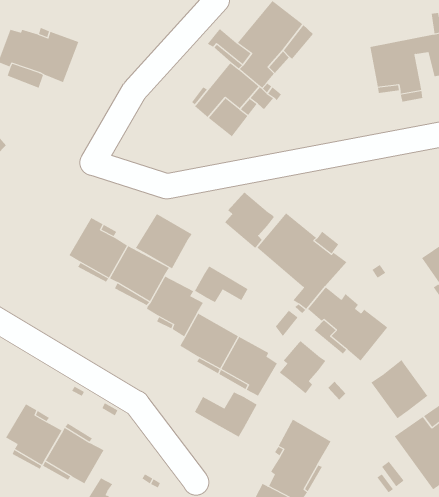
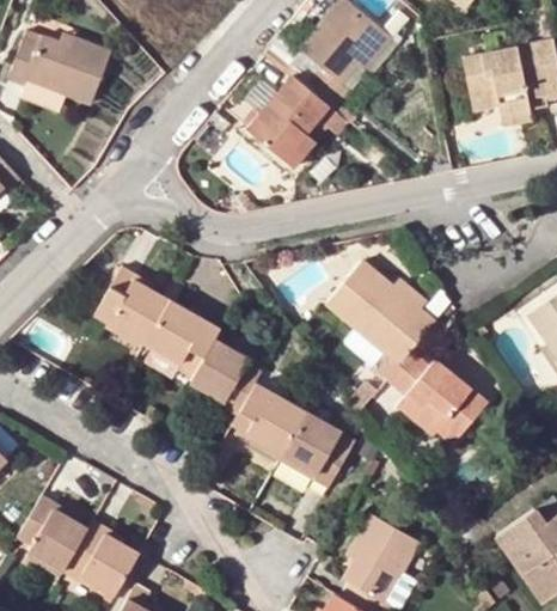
building: [224,191,275,249] -> none
building: [135,213,192,269] -> none
building: [194,265,249,303] -> none
building: [279,340,326,394] -> none
building: [371,359,428,419] -> none
building: [194,391,258,438] -> none

